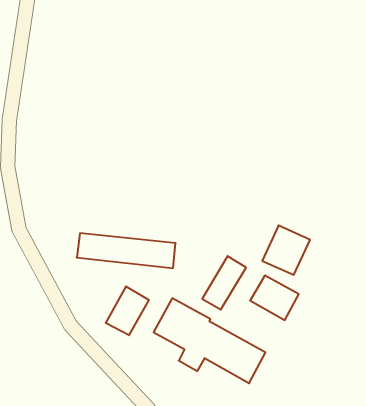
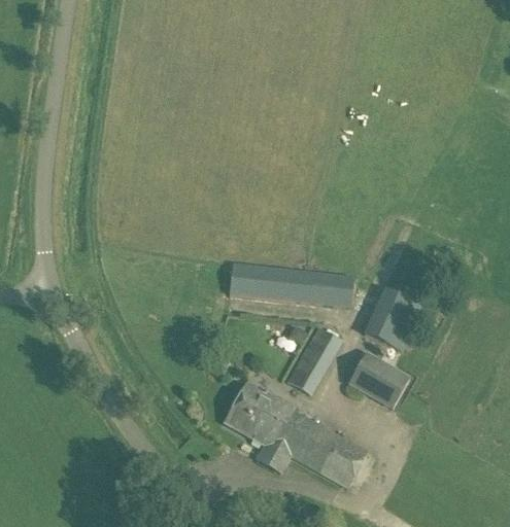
building: [77,233,176,268] -> [228,264,353,308]
building: [106,286,149,335] -> none

